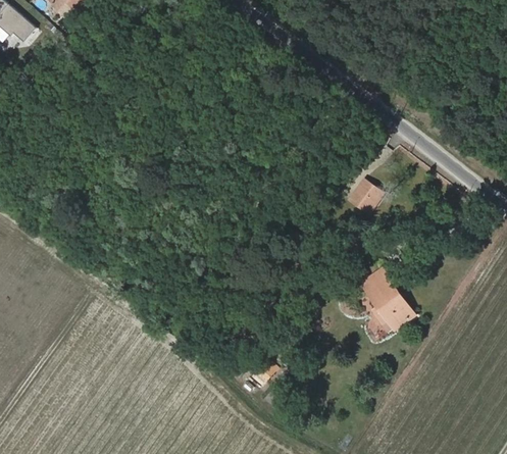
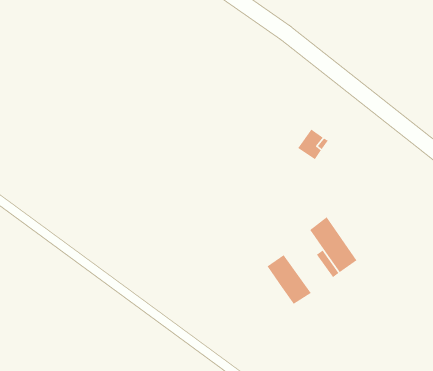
building: none -> [266,254,312,305]

